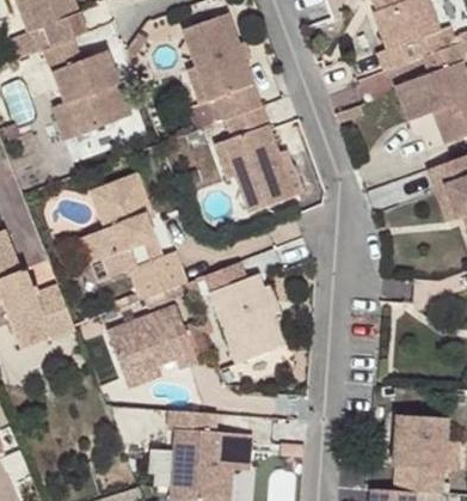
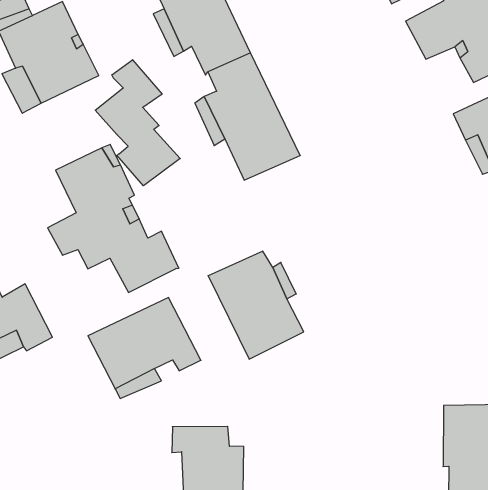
building: none -> [95,60,180,186]

